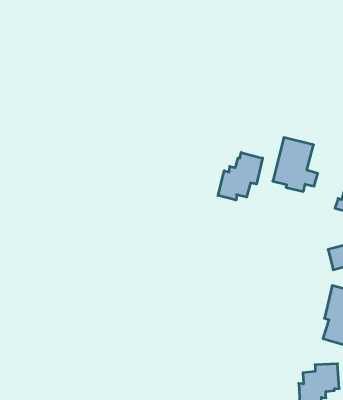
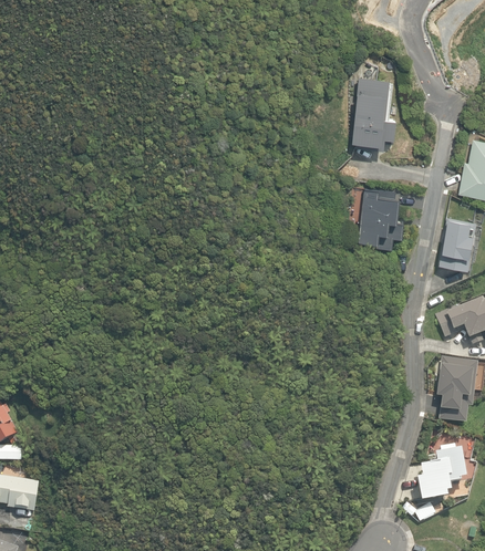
building: none -> [350,77,395,150]
building: [218,152,263,200] -> none

